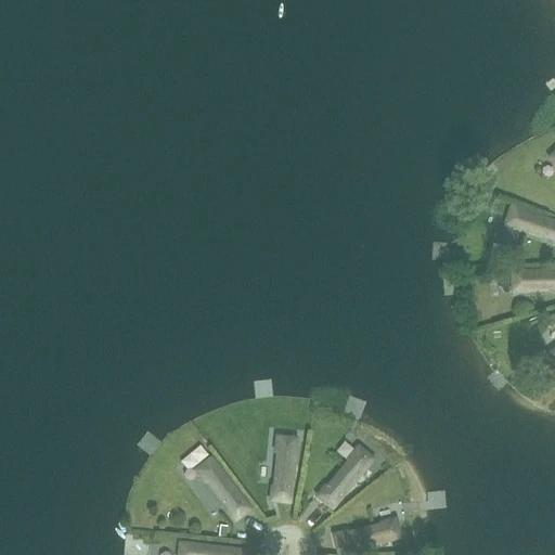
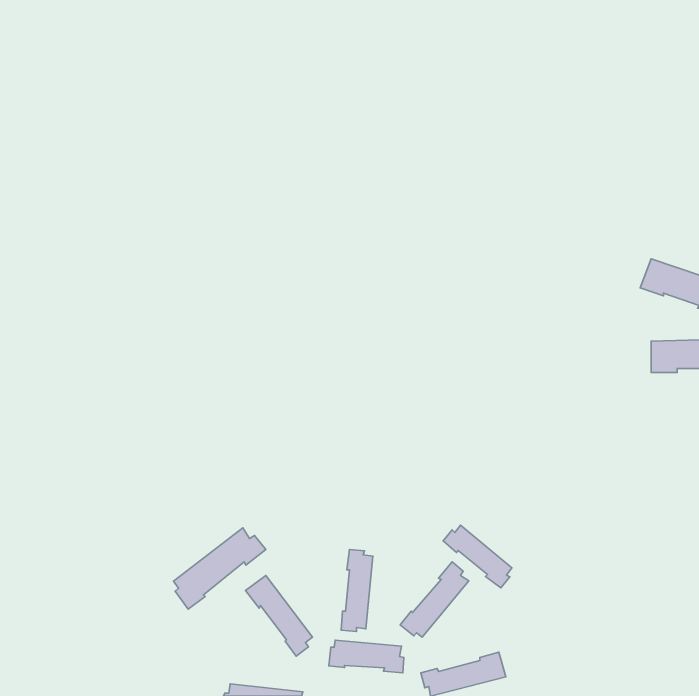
building: none -> [443,525,512,588]
building: none -> [174,528,266,609]
building: none -> [329,640,404,673]

